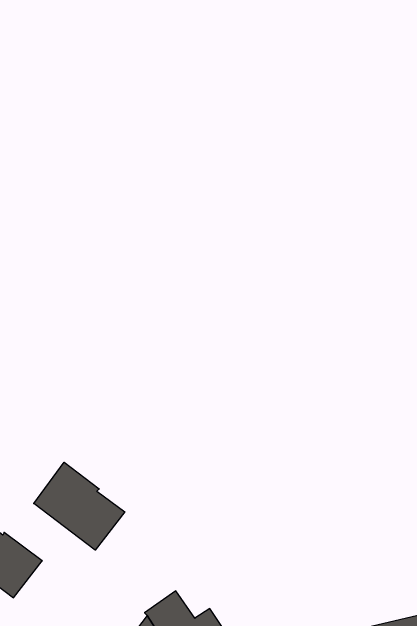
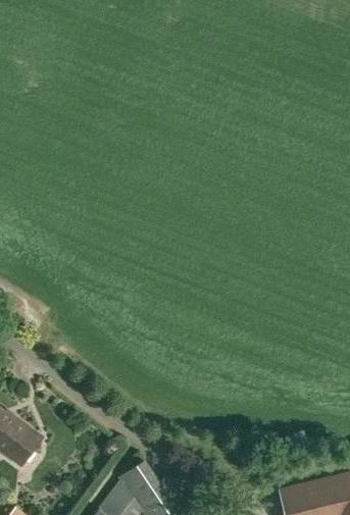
building: [34,462,125,550] -> none

